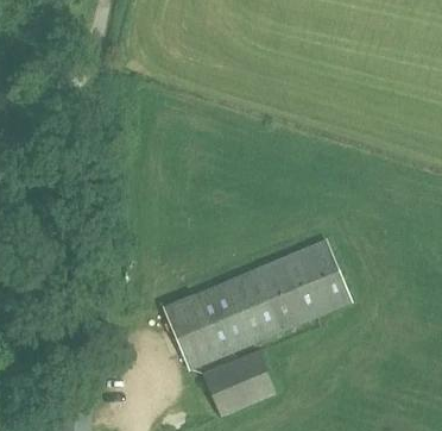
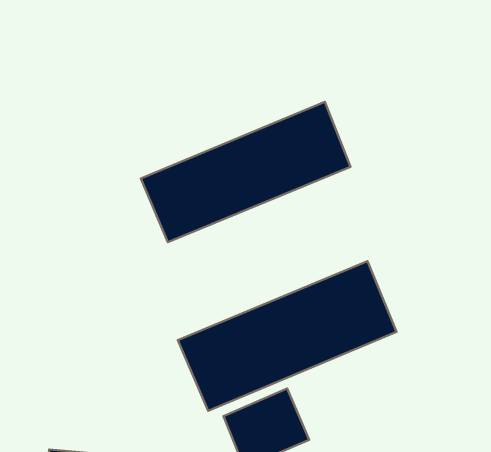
building: none -> [141,102,351,242]

